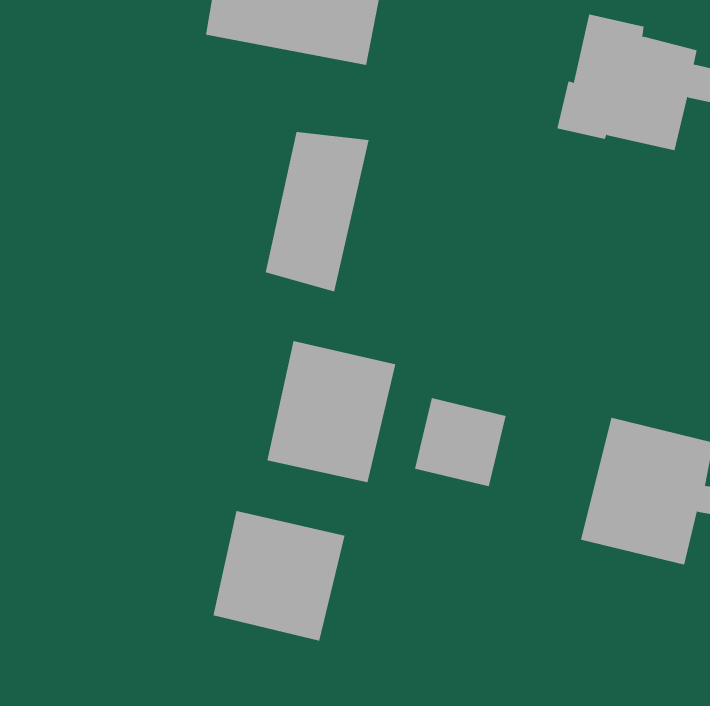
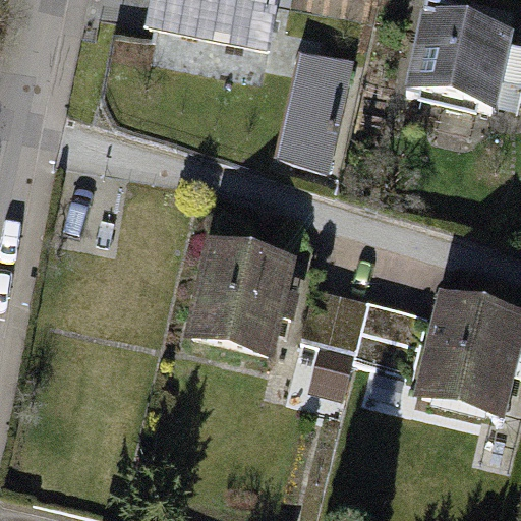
building: [265,132,370,292] -> [278,54,354,171]
building: none -> [357,303,431,378]
building: [213,510,345,641] -> none

